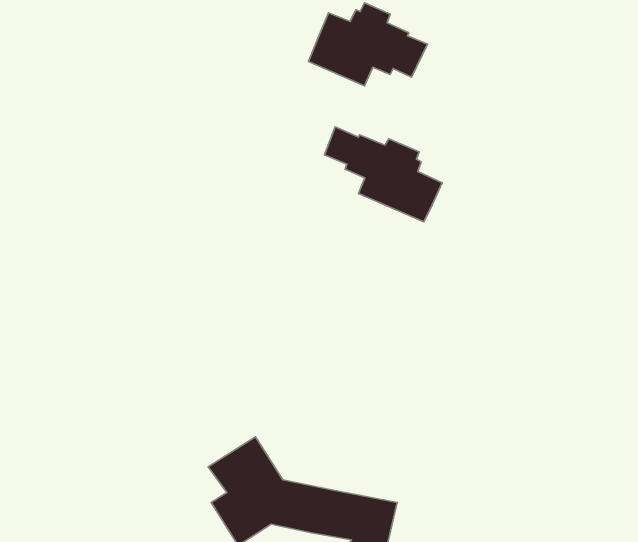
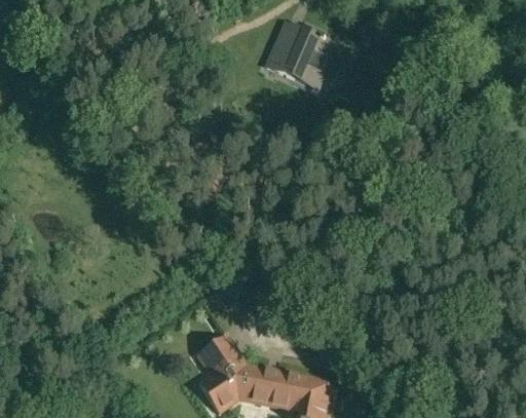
building: [325,127,442,222] -> none

